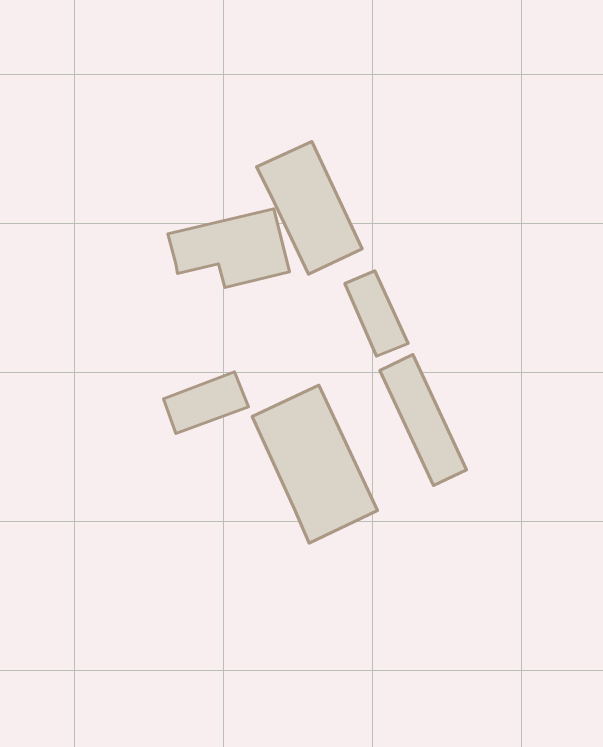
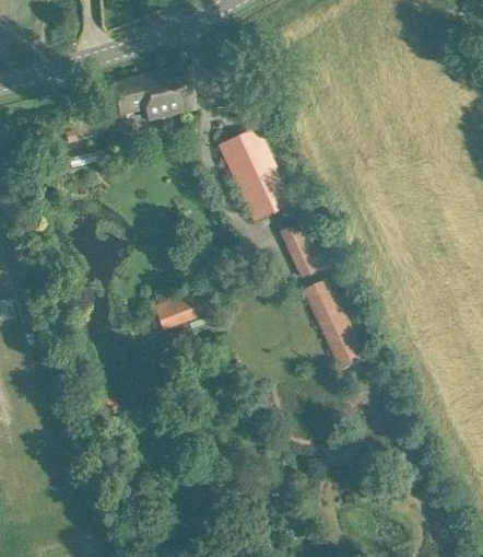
building: [168,209,290,288] -> [110,68,195,123]
building: [252,385,377,543] -> none

